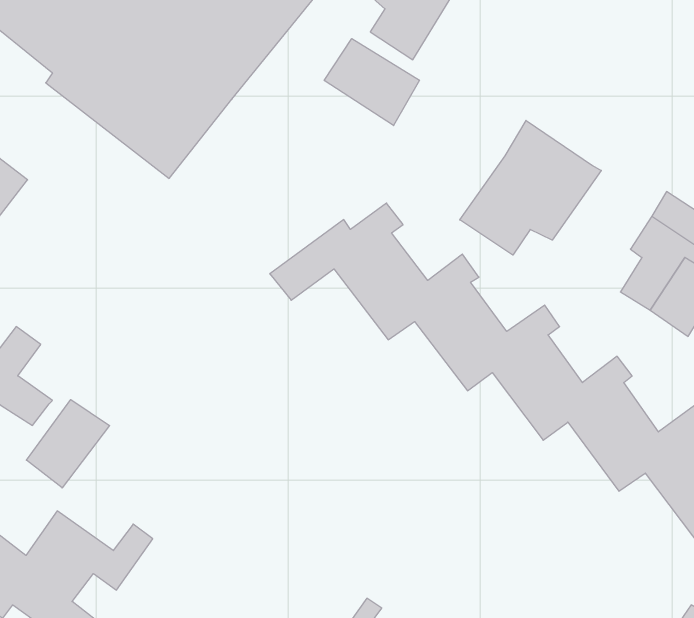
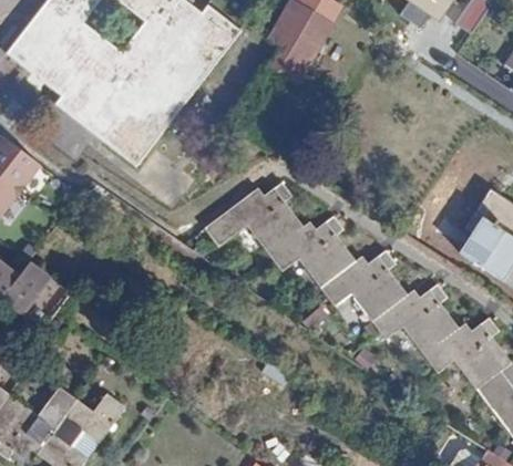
building: [324,39,419,126] -> none
building: [460,120,601,255] -> none
building: [26,400,110,488] -> none

